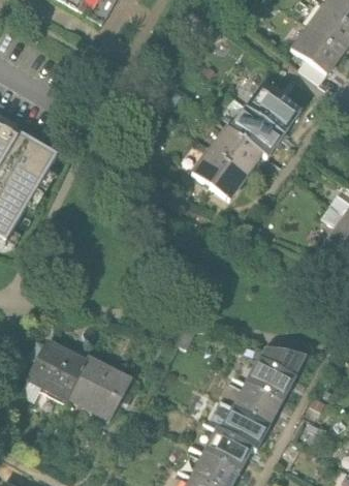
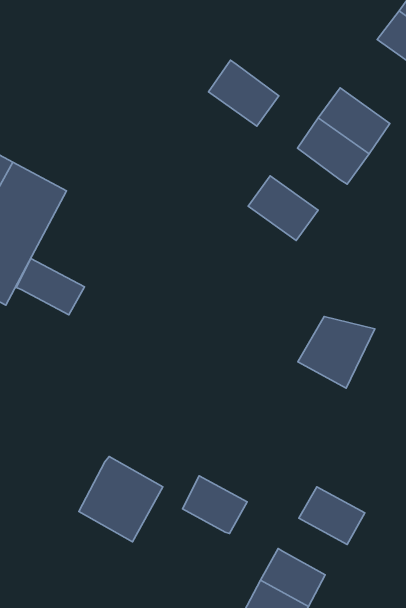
building: [211,122,263,172] -> [209,60,279,126]
building: none -> [16,258,84,315]
building: [25,339,87,401] -> none
building: [246,345,304,399] -> [298,317,375,388]
building: [220,403,268,447] -> [183,476,247,534]

